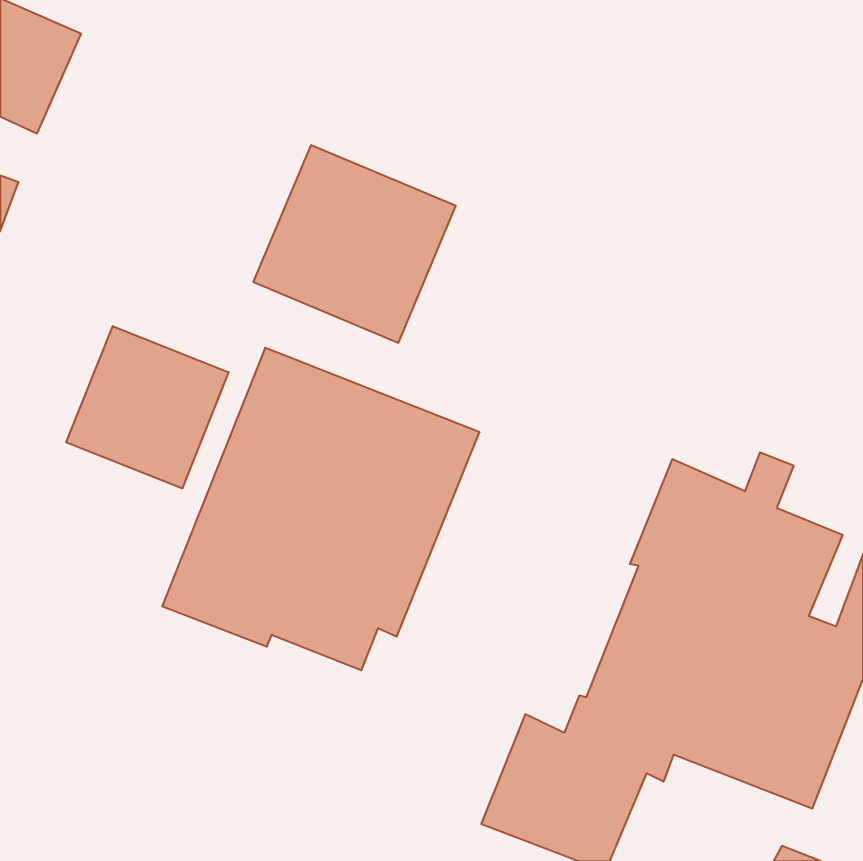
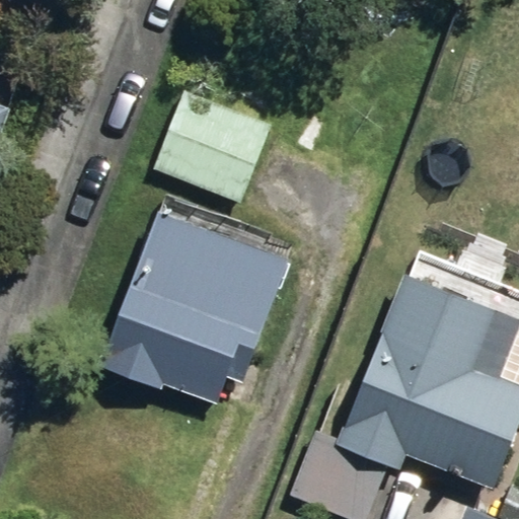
building: [66,326,229,488] -> none

